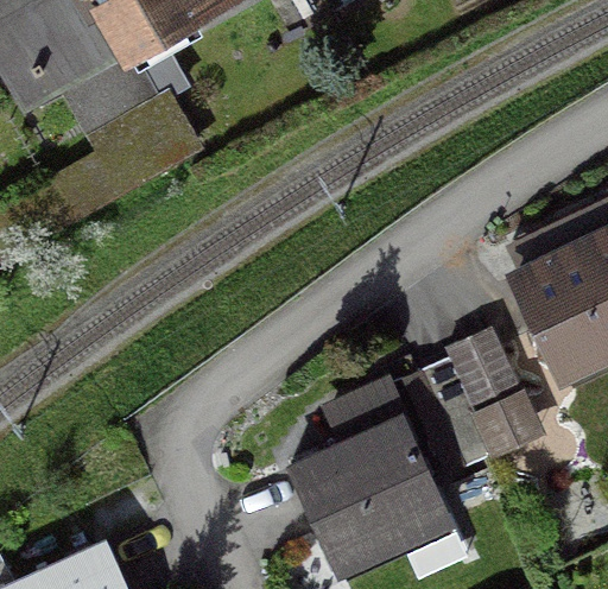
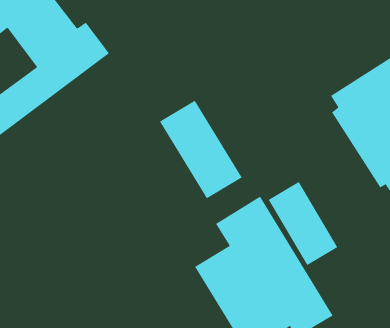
building: none -> [159,100,243,199]
building: [443,325,547,457] -> none

